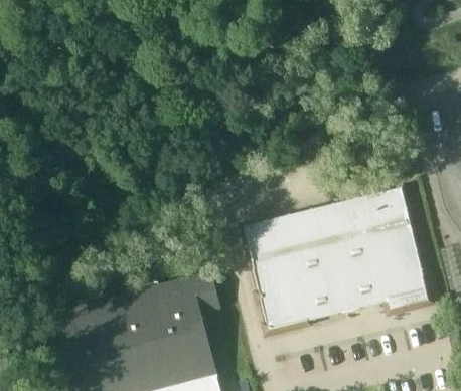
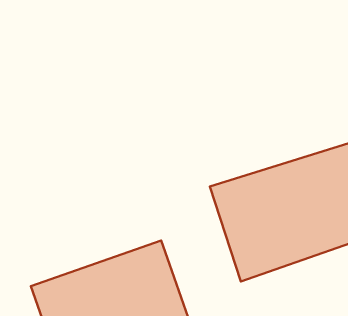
building: [190,272,217,304] -> none

